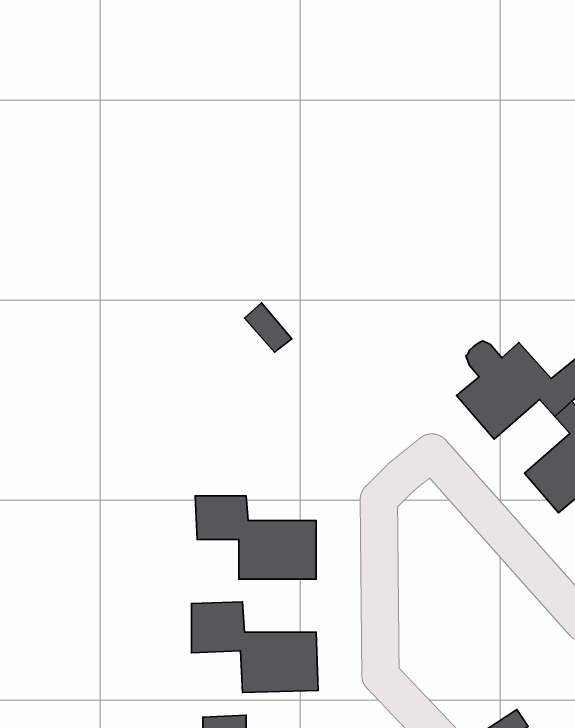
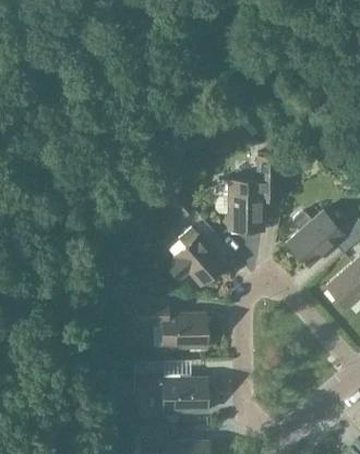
building: none -> [215,159,281,232]
building: none -> [167,229,224,285]

